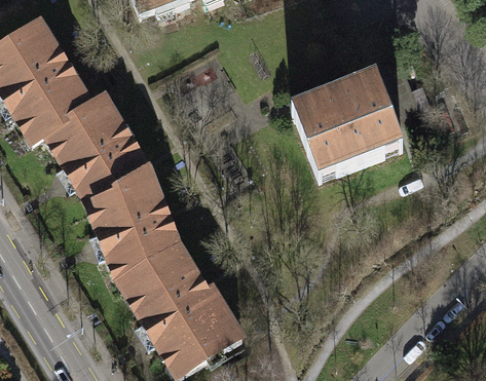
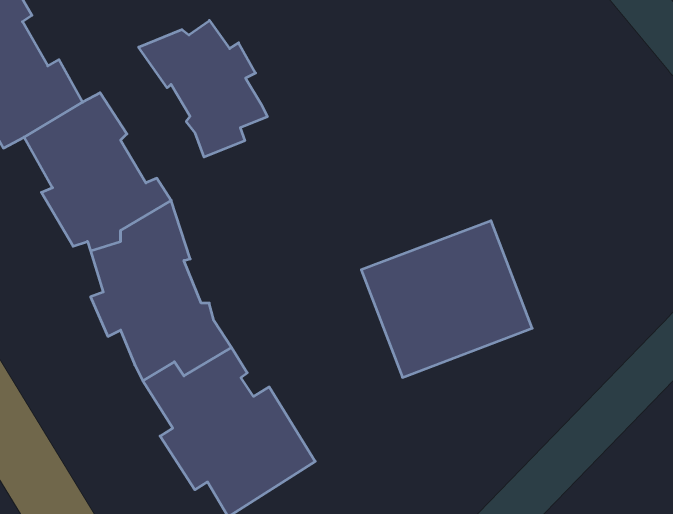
building: none -> [139,20,267,157]
building: [291,73,402,175] -> [361,221,532,377]

